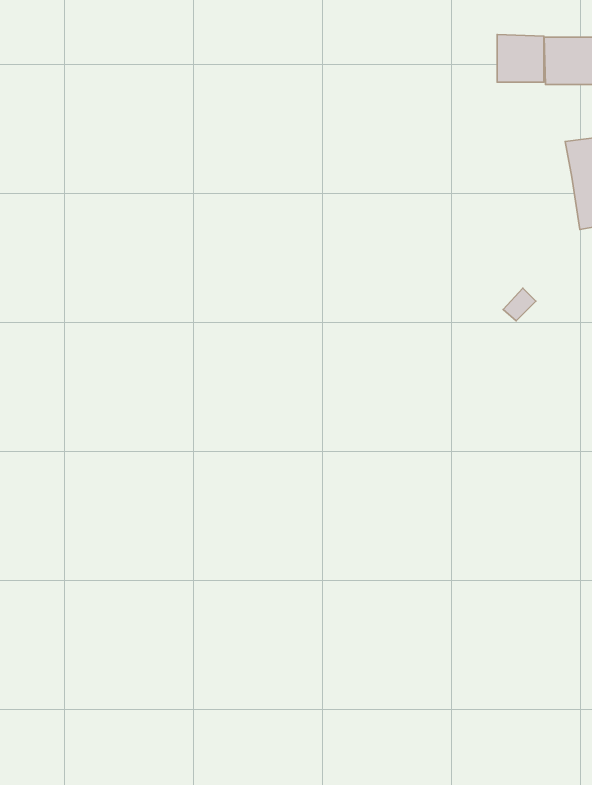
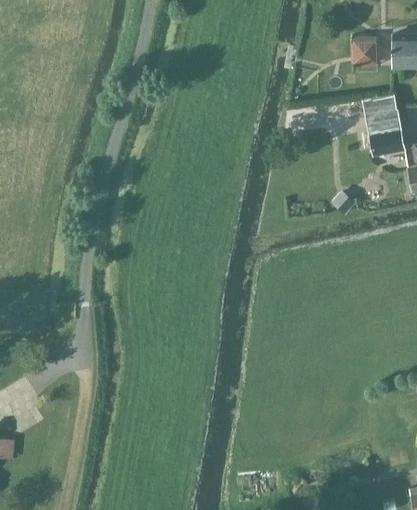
building: [497,35,544,82] -> none

